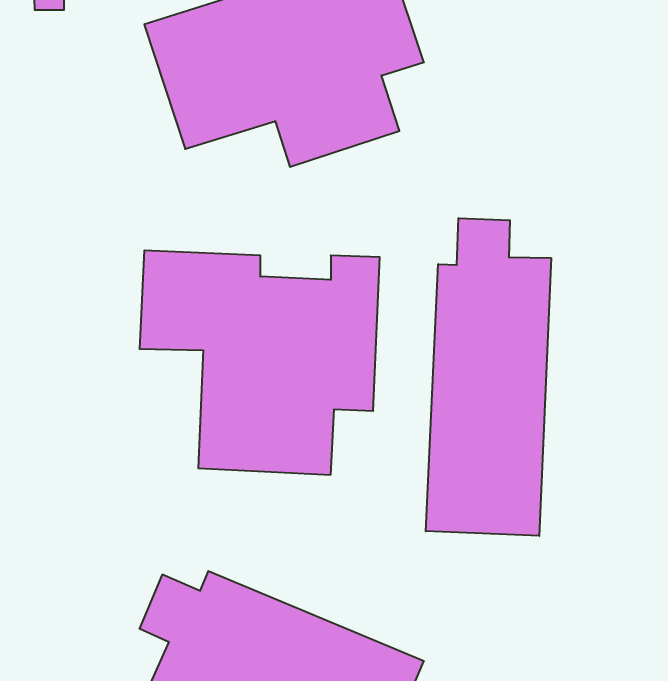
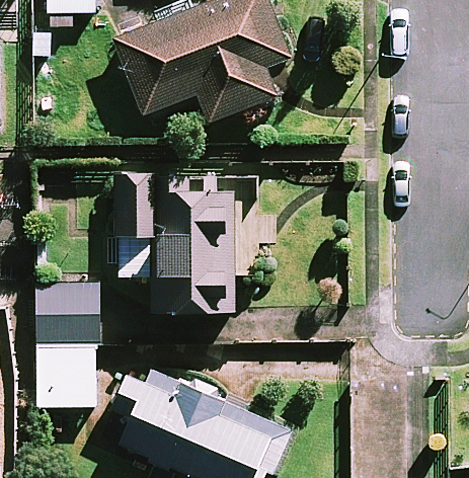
building: [426,218,551,536] -> none
building: none -> [33,284,98,405]

